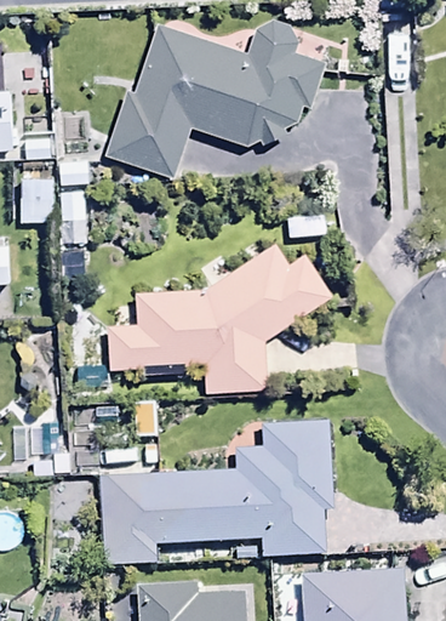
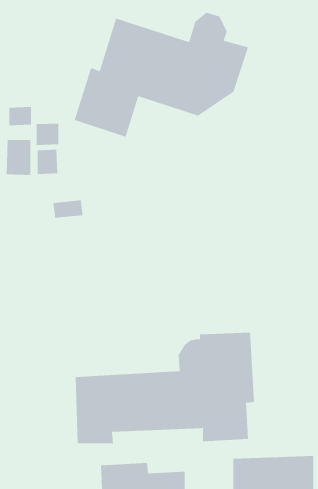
building: [108,243,331,393] -> none

